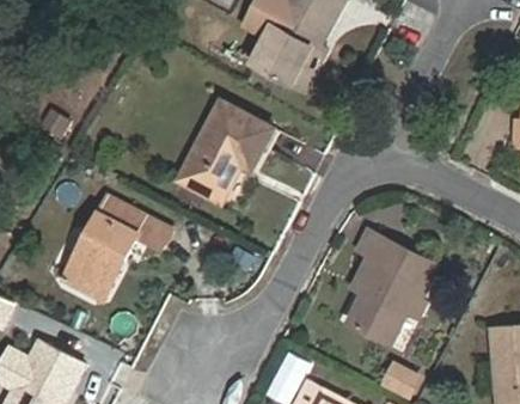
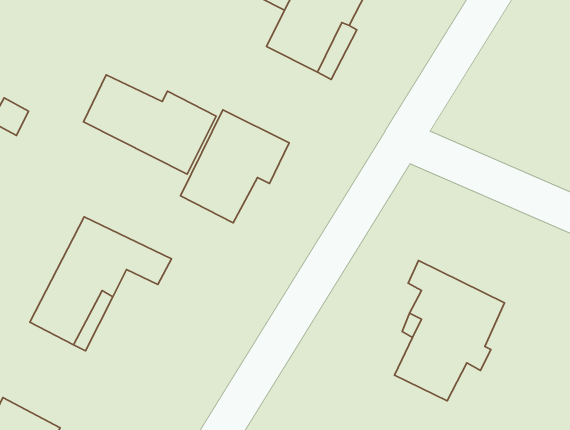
building: none -> [84,75,216,174]

